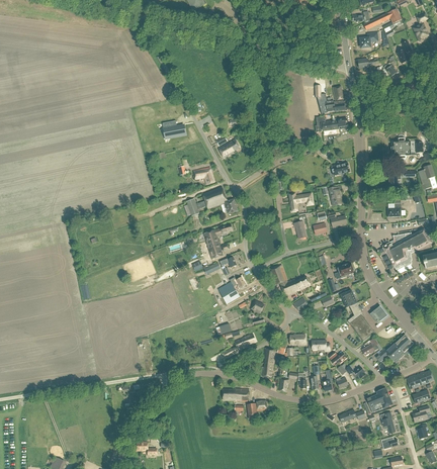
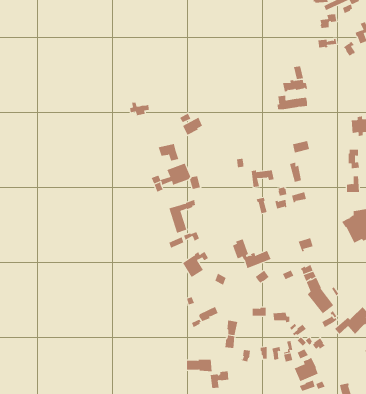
building: [367,387,392,412] -> [294,357,318,382]

